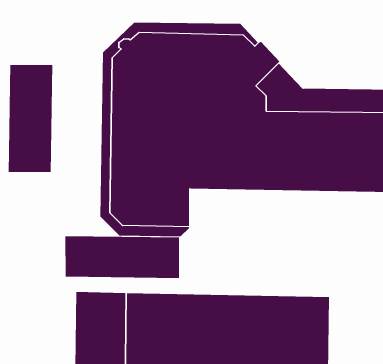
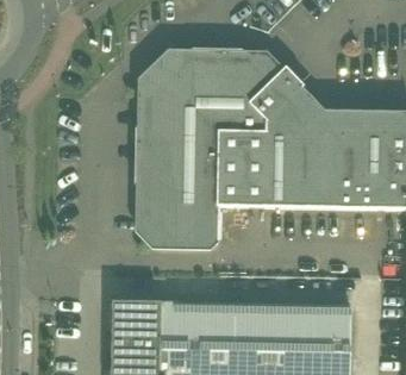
building: [8,64,53,173] -> none
building: [65,236,180,279] -> none

